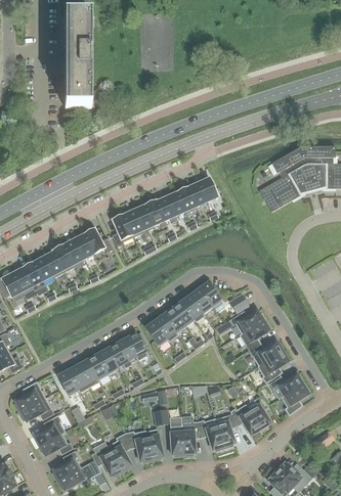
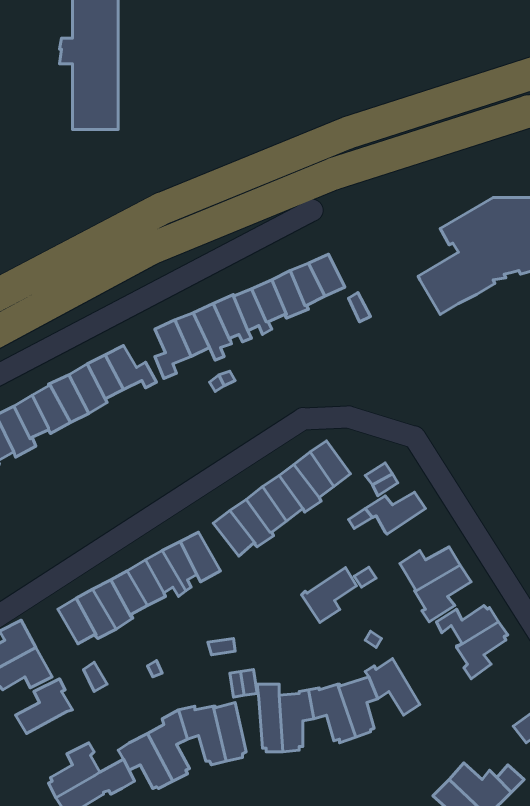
building: [239,319,269,350] -> [302,567,356,622]
building: [245,395,270,429] -> none
building: [40,433,73,455] -> none

